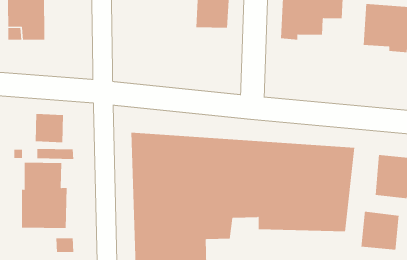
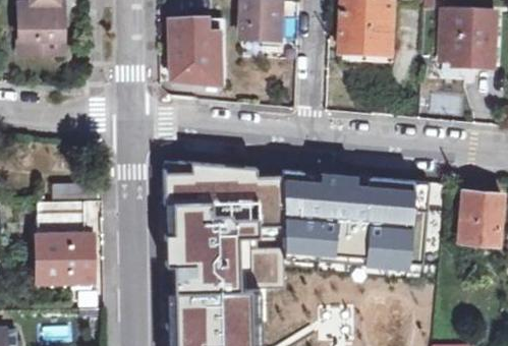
building: none -> [174,19,223,85]
building: [35,113,64,143] -> none
building: [361,211,399,251] -> none

